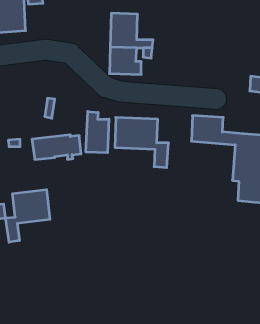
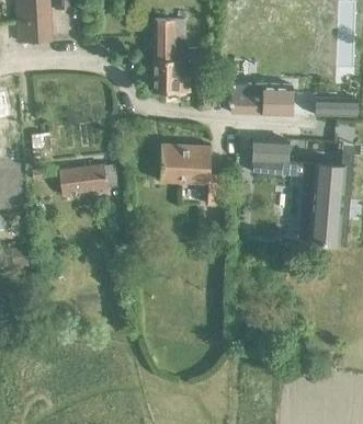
building: none -> [231,83,293,115]
building: [86,111,109,153] -> none
building: [6,190,50,242] -> none

